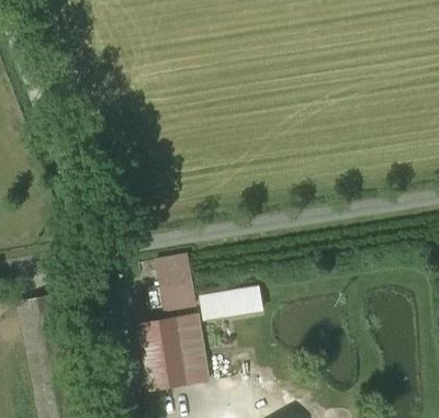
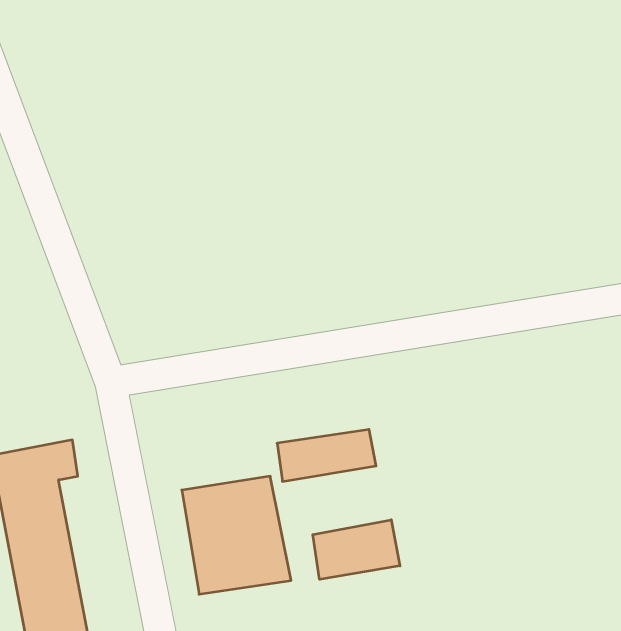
building: [155,255,193,309] -> none
building: none -> [313,520,400,579]

